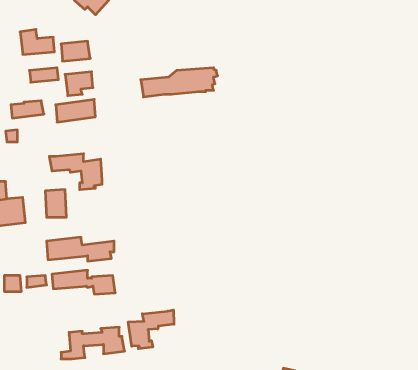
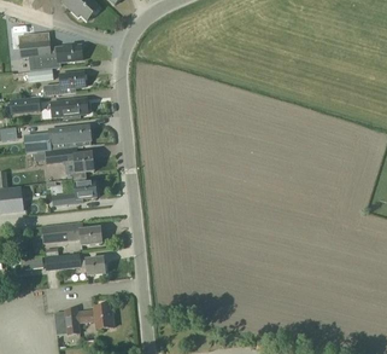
building: [141,68,218,97] -> [24,124,94,151]
building: none -> [66,178,98,203]
building: [128,310,174,349] -> none

